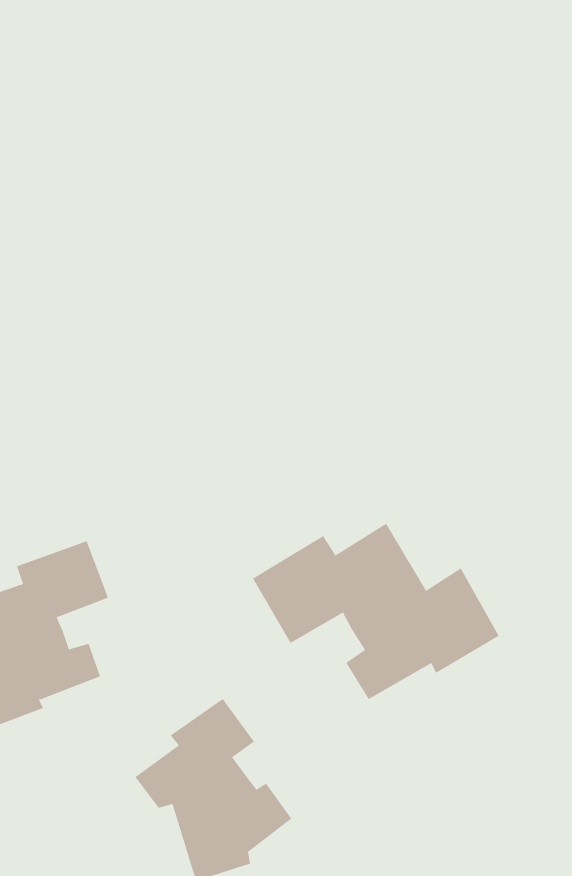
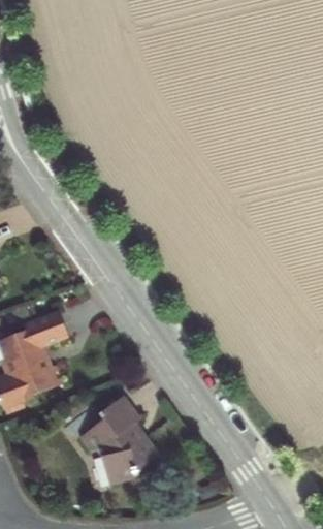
building: [252,523,500,700] -> none

